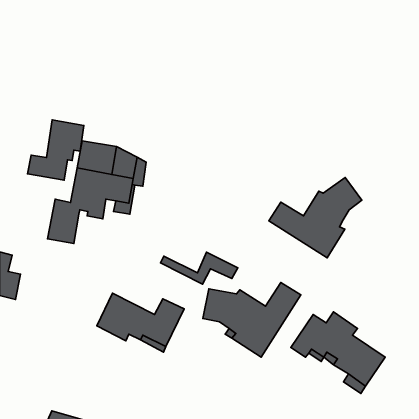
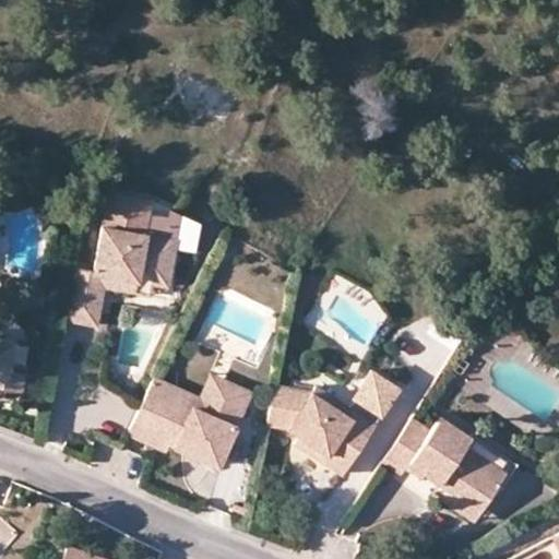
building: [28,120,84,180] -> none
building: [269,177,362,258] -> none
building: [160,252,238,284] -> [150,377,252,419]

